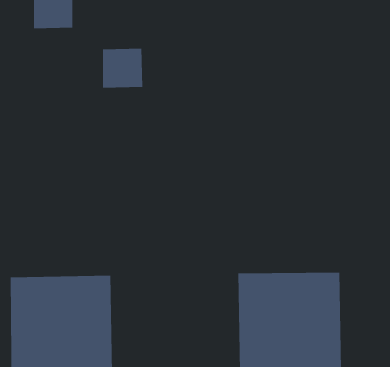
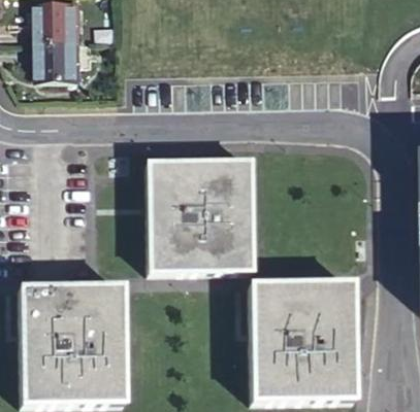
building: [102,48,143,88] -> [42,34,84,74]
building: none -> [144,158,250,270]

